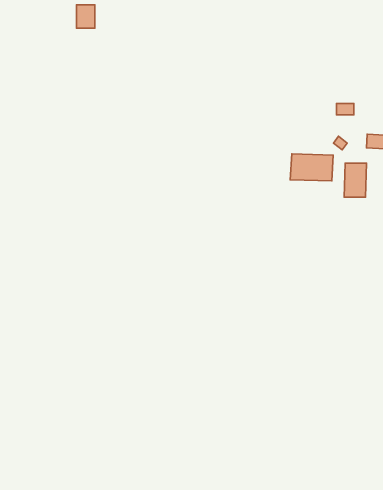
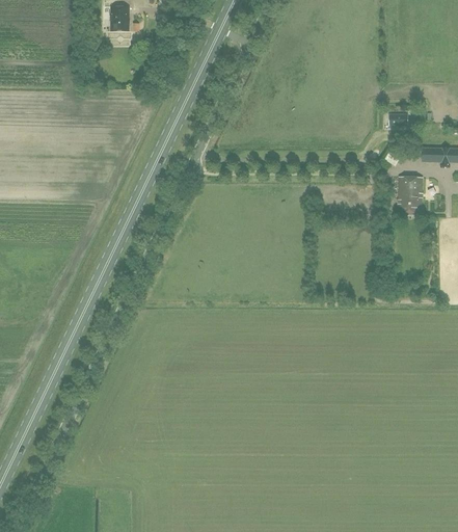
building: [290,154,333,181] -> none

